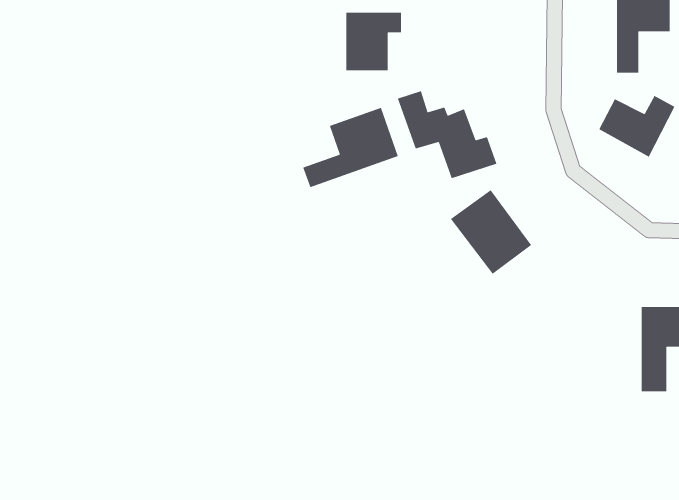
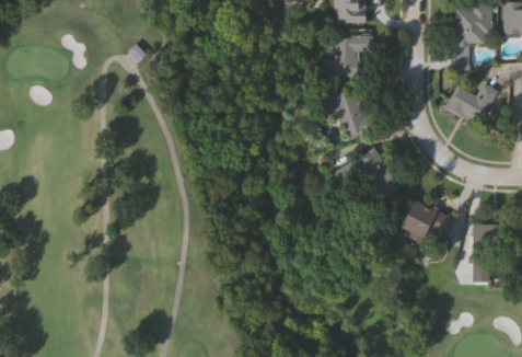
building: [346,12,402,71] -> [332,35,369,74]
building: [302,107,399,188] -> none
building: none -> [402,198,451,245]

